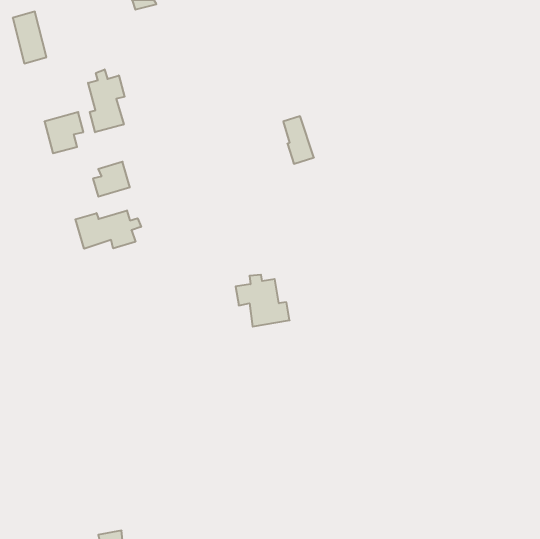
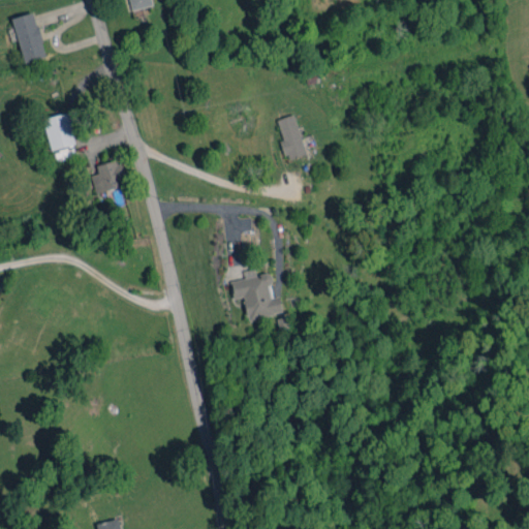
building: [88,69,125,132] -> none
building: [75,210,141,249] -> none

